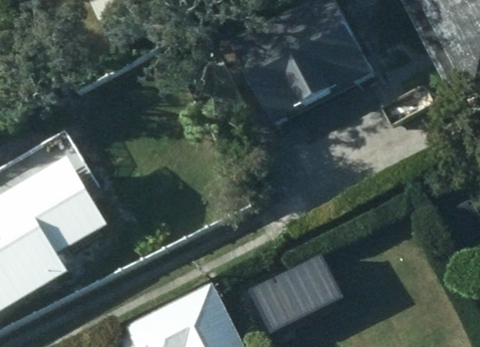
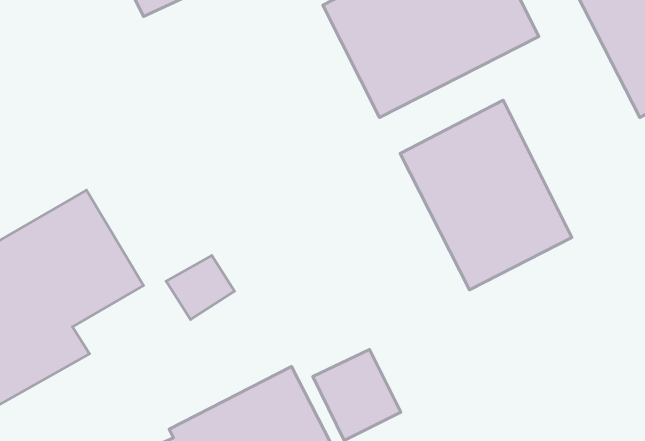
building: none -> [400,100,572,290]

